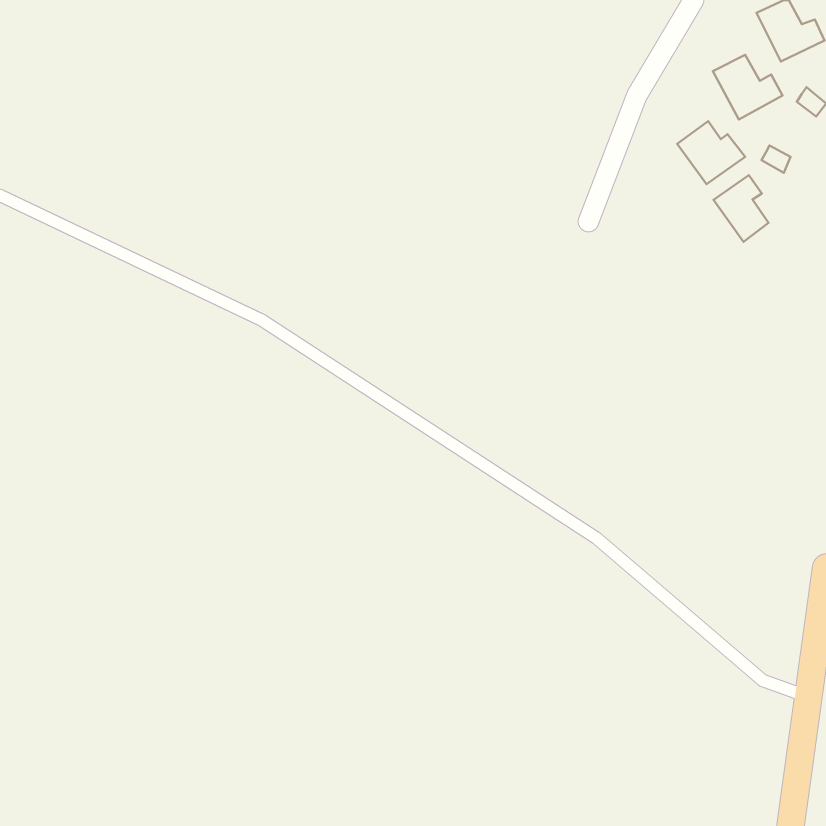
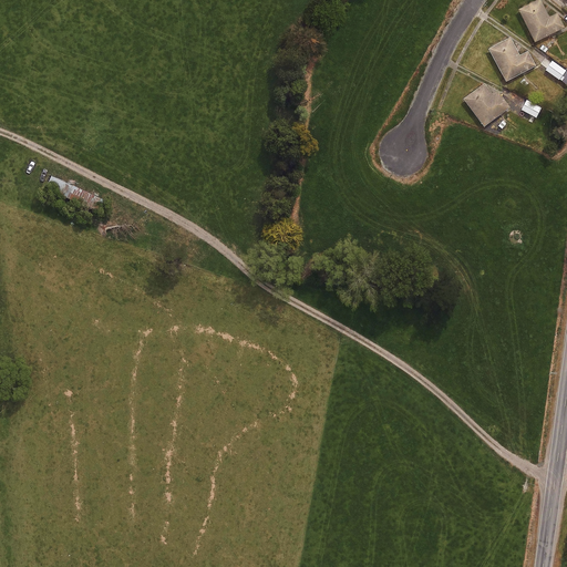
building: [713,175,768,242] -> none

